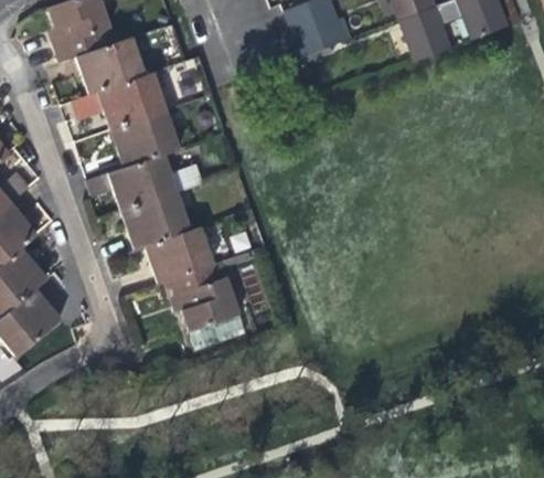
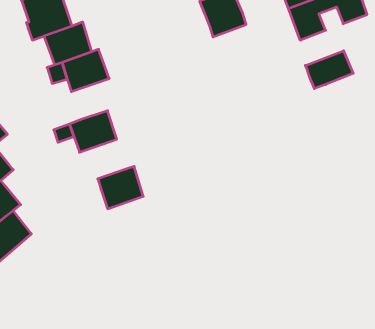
building: none -> [305,51,353,89]
building: [113,111,177,167] -> none
building: [124,192,186,249] -> none
building: [168,263,242,332] -> none

